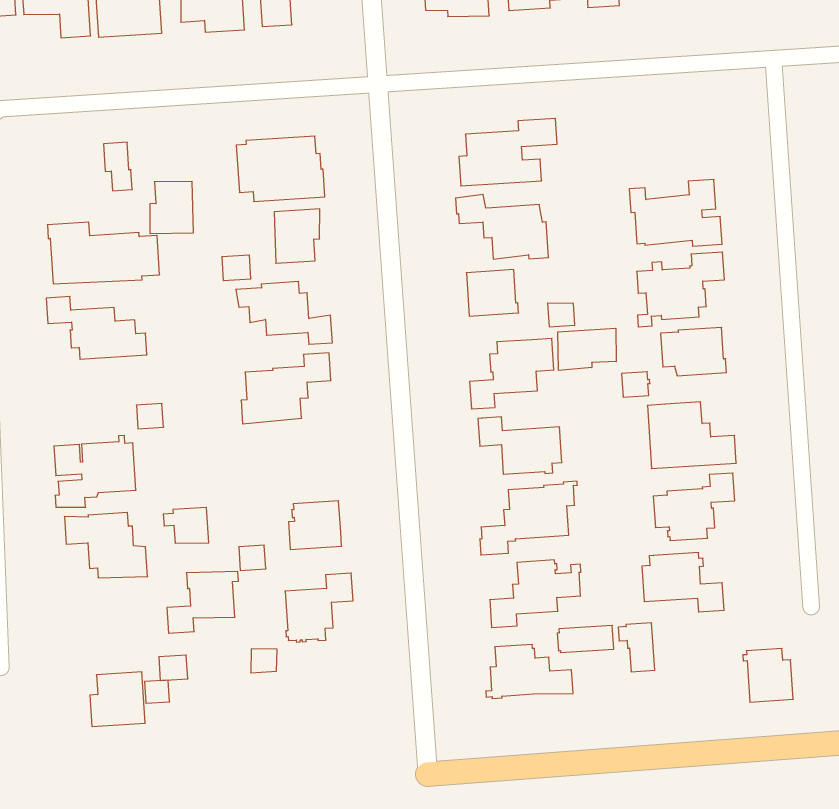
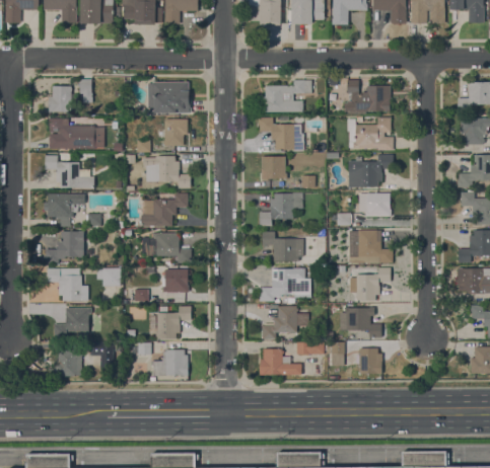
building: none -> [342,79,391,111]
building: [150,181,193,234] -> [48,85,71,112]
building: [558,328,616,370] -> none
building: none -> [44,193,84,226]
building: none -> [148,232,191,265]
building: [167,571,238,633] -> [54,307,91,337]
building: [743,648,793,702] -> [357,347,381,374]
building: none -> [151,348,188,375]

